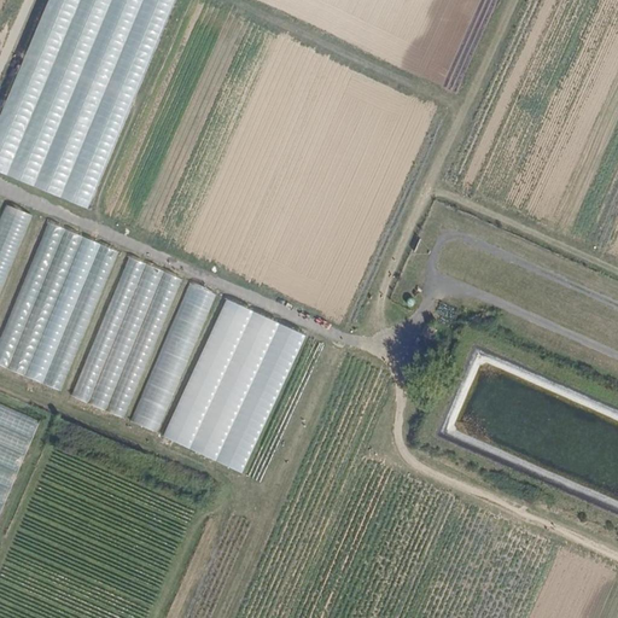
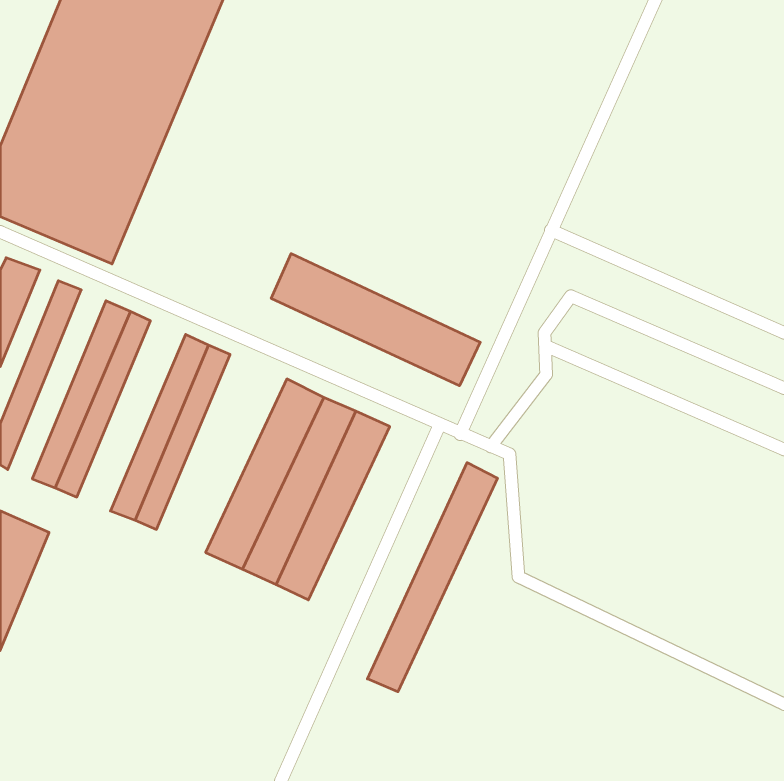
building: none -> [271,254,480,386]
building: [6,228,83,377] -> none
building: [71,256,146,402] -> none
building: [129,282,216,431] -> none
building: none -> [367,463,497,692]

